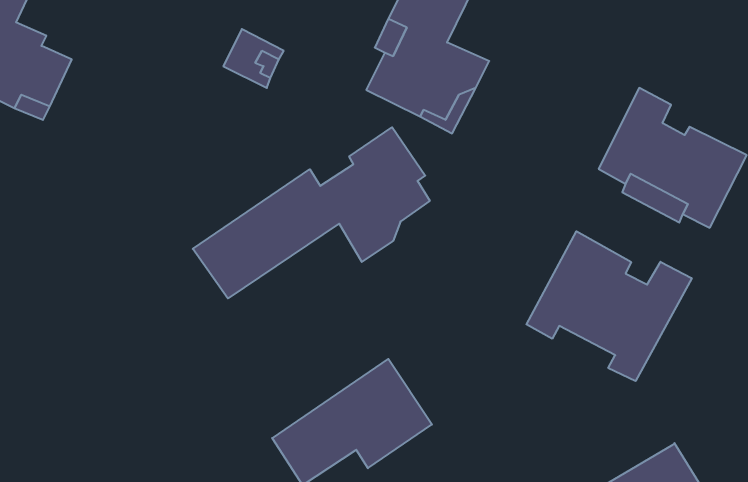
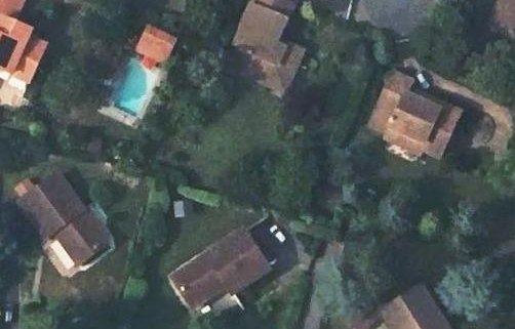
building: [193,127,430,298] -> none
building: [526,231,692,381] -> none
building: none -> [21,176,102,273]

